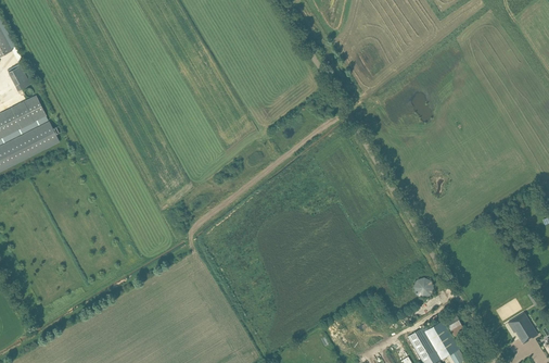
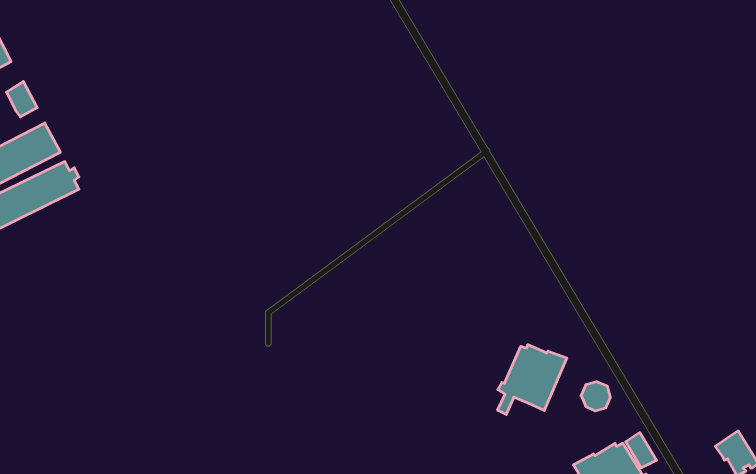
building: none -> [498,345,567,415]

